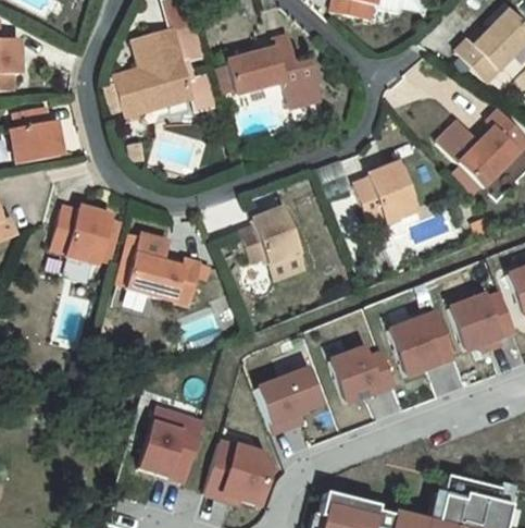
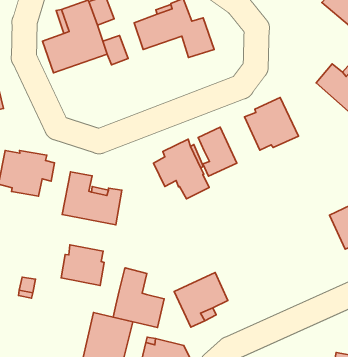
building: none -> [198,127,237,176]
building: [388,310,455,377] -> none
building: none -> [61,245,104,286]
building: [330,348,396,404] -> none
building: none -> [113,268,164,327]

